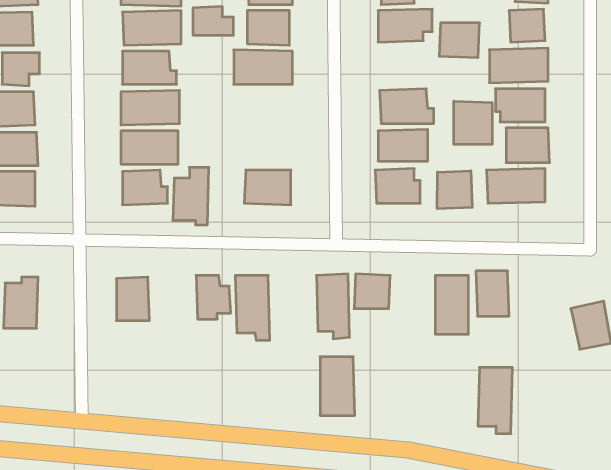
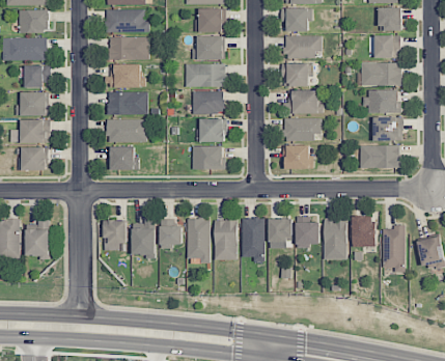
building: [193,6,233,35] -> none
building: [439,23,480,58] -> [281,63,309,87]
building: none -> [192,91,223,114]
building: [454,101,492,144] -> none
building: none -> [199,118,224,142]
building: [173,167,209,225] -> [131,219,156,258]
building: [437,171,472,209] -> none
building: none -> [296,217,319,246]
building: [320,357,355,415] -> [214,220,238,260]
building: [478,367,512,434] -> [382,227,406,273]

